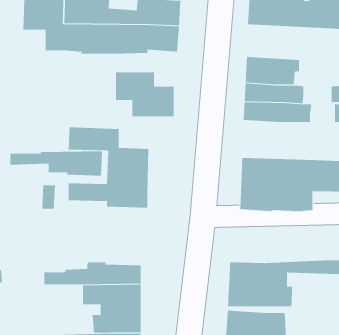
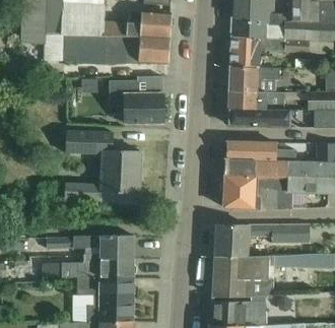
building: none -> [229,37,309,67]
building: none -> [225,142,294,161]
building: [9,151,103,176] -> [48,236,134,259]
building: none -> [214,224,309,257]

